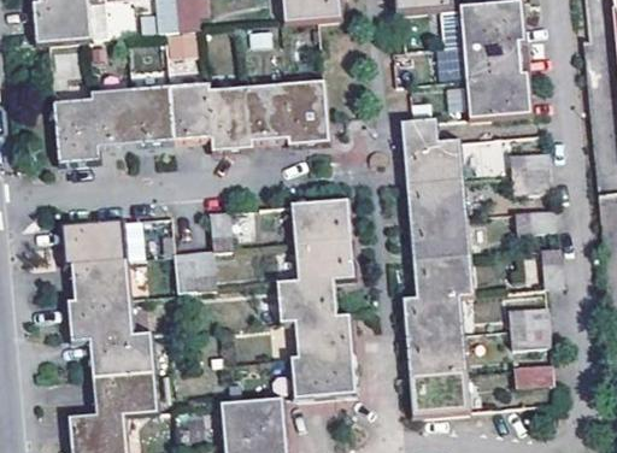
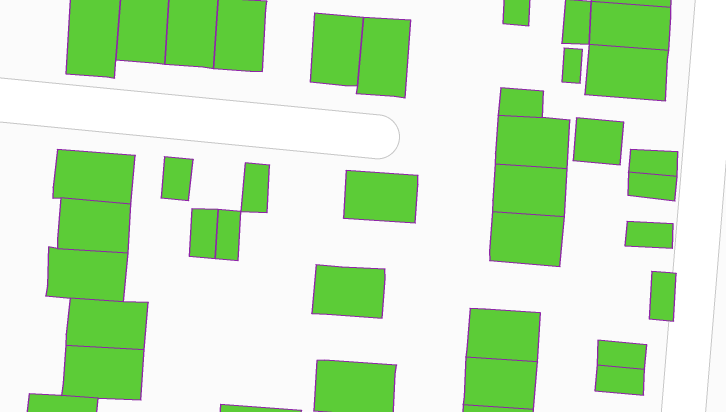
building: [208,86,252,149] -> none
building: [294,237,354,281] -> none
building: [413,254,472,296] -> none
building: [293,314,353,355] -> none

